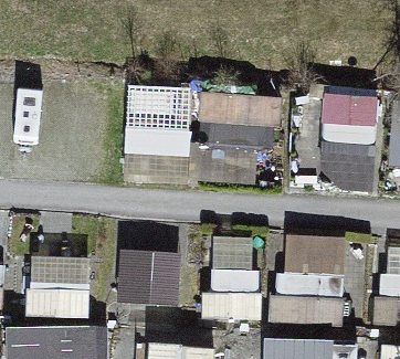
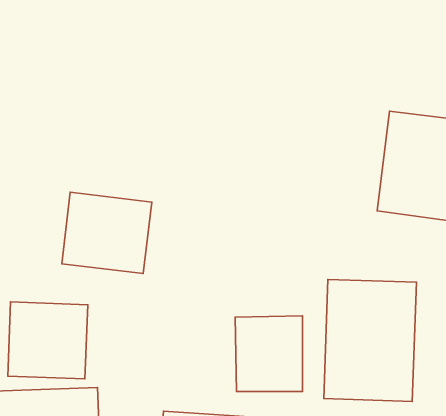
building: [194,91,283,161] -> none
building: [112,243,182,307] -> [62,192,152,274]

